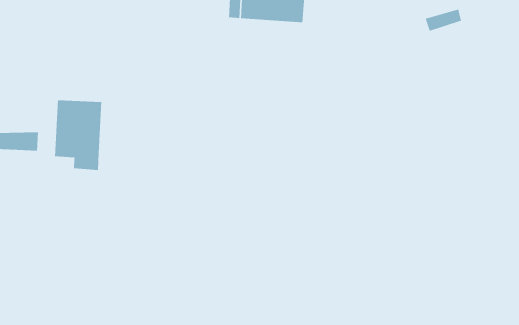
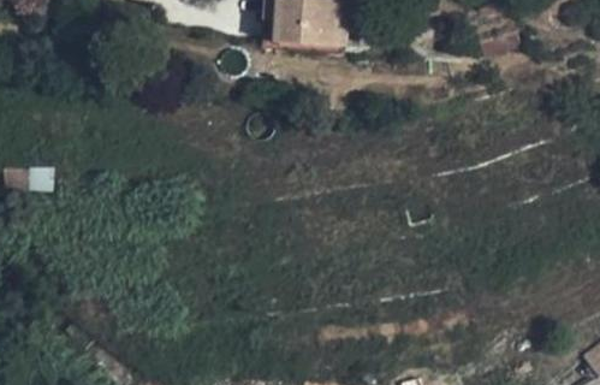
building: [54,99,102,171] -> none

